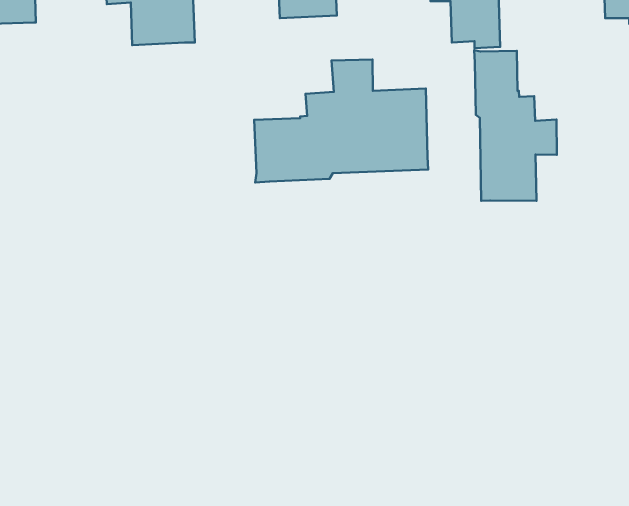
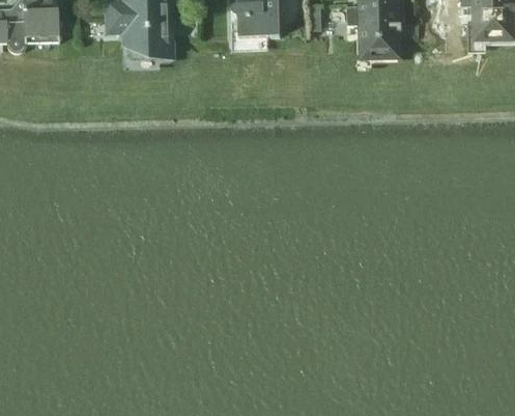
building: [474,50,557,201] -> none
building: [254,59,428,183] -> none

